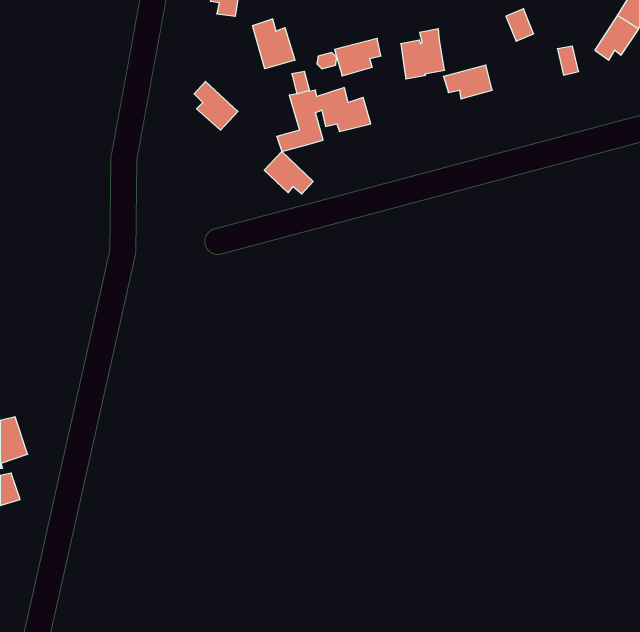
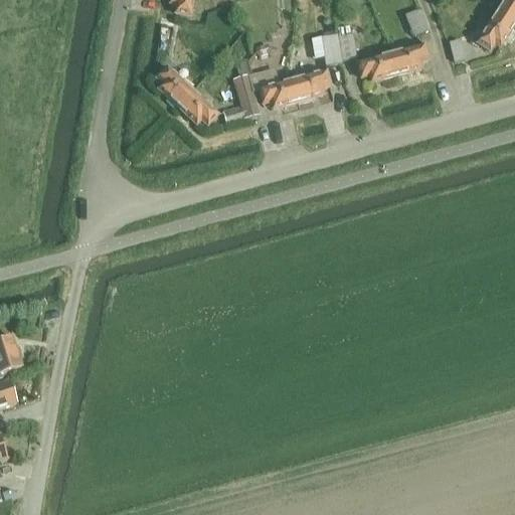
building: [253,19,295,69] -> none
building: [335,38,381,76] -> [292,69,329,100]
building: none -> [390,43,426,72]
building: [264,151,313,194] -> [177,90,216,124]

